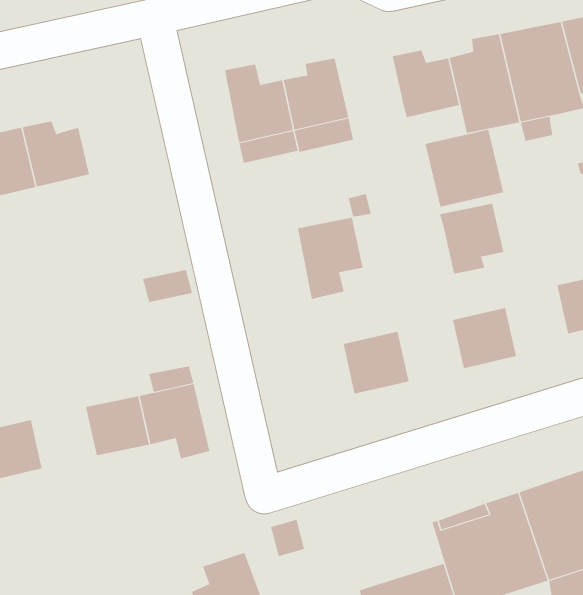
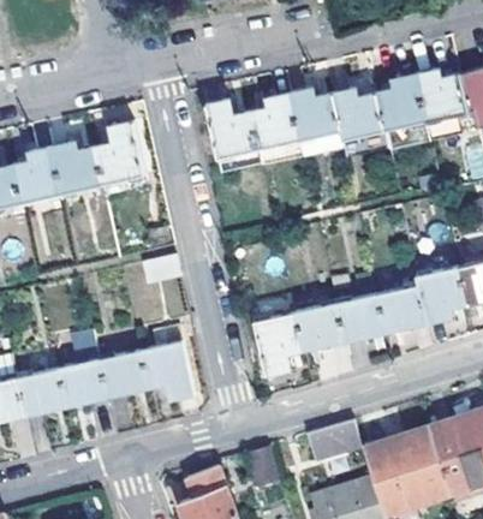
building: none -> [288,89,340,139]
building: none -> [94,121,144,183]
building: [425,129,504,207] -> none
building: [439,203,504,274] -> [416,267,465,321]
building: [297,217,363,299] -> [252,311,303,374]
building: none -> [336,293,386,340]
building: none -> [58,359,107,406]
building: none -> [308,417,362,458]

